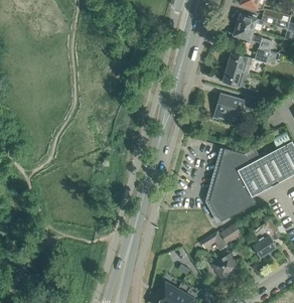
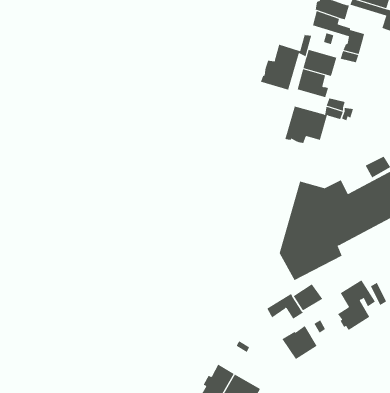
building: none -> [260,34,312,90]

